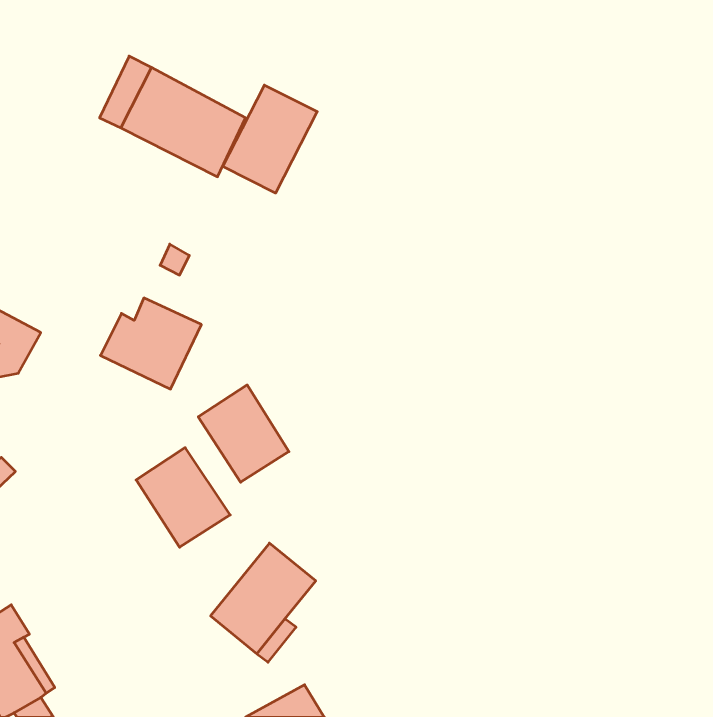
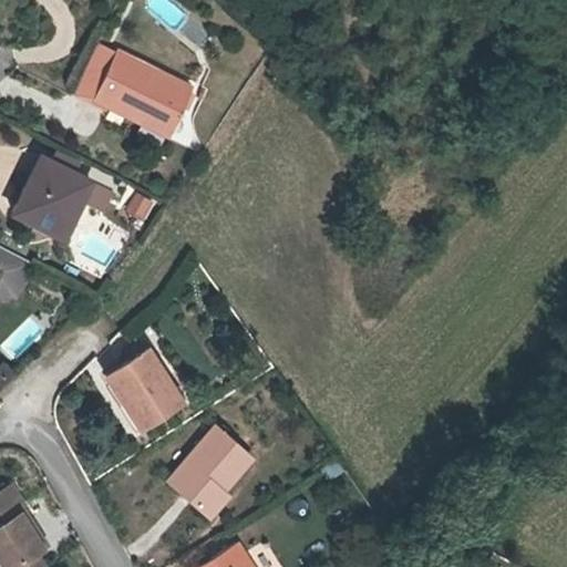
building: [223,85,317,193] -> none
building: [100,298,201,389] -> [11,165,91,237]
building: [198,385,289,482] -> none

